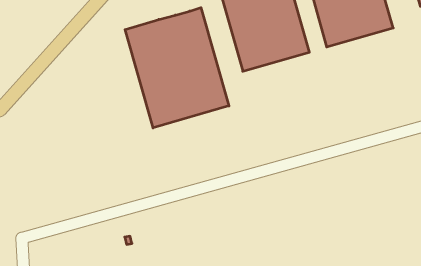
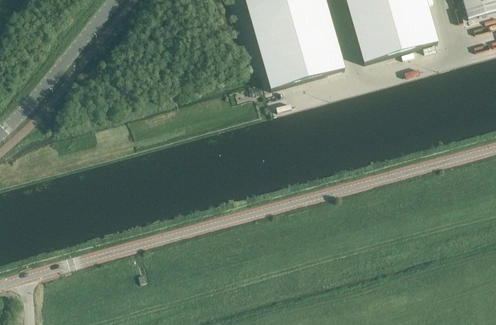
building: [125,8,229,128] -> none

